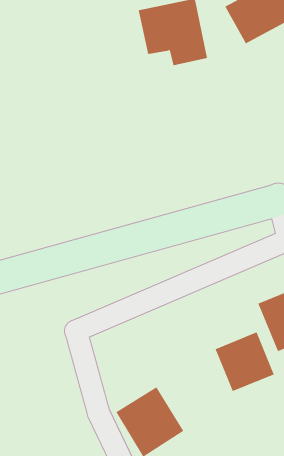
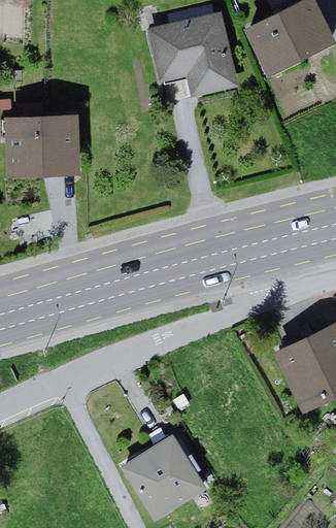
building: none -> [9,117,71,171]
building: [215,332,274,392] -> none

